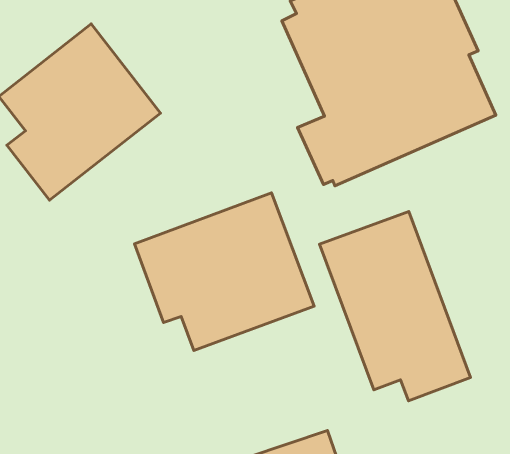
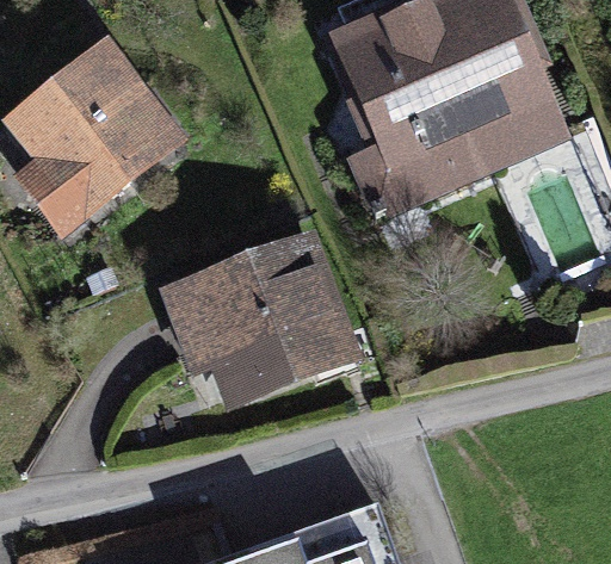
building: [320,212,470,401] -> none

